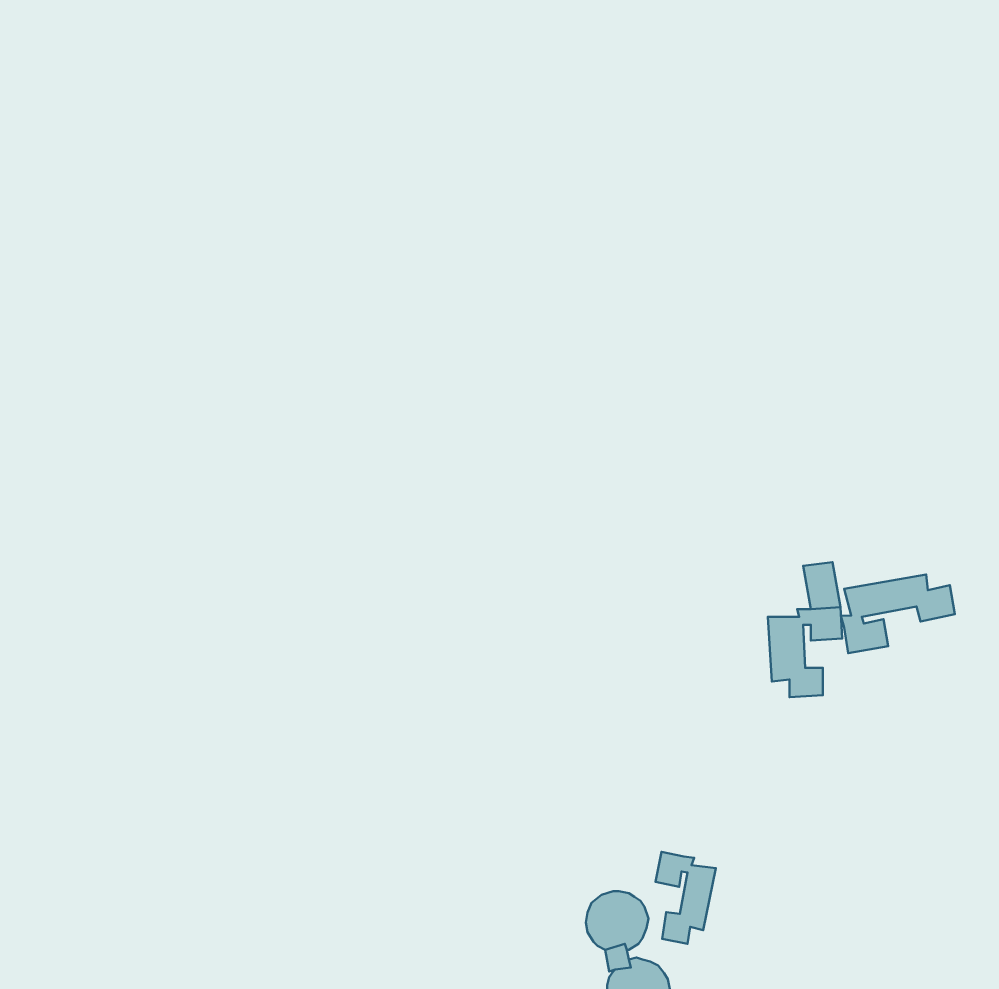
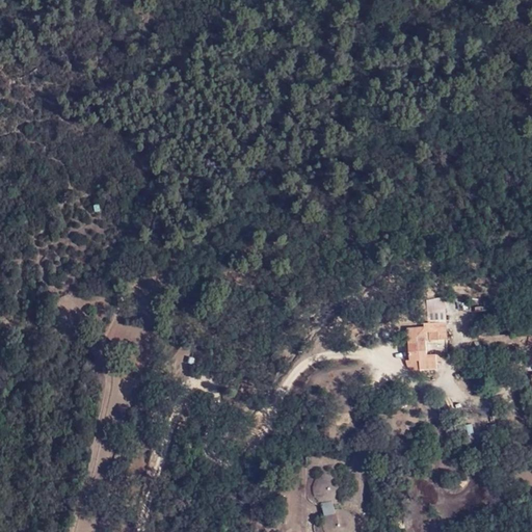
building: [841,574,955,653] -> none
building: [655,852,716,944] -> none

